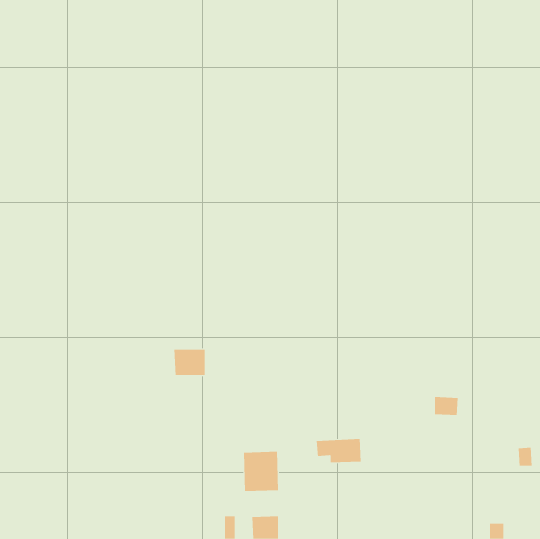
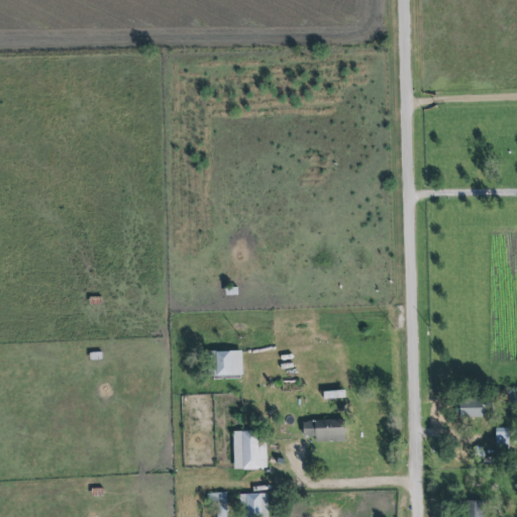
building: [174,349,205,376] -> [211,350,241,376]
building: [434,397,458,416] -> [459,399,483,417]

